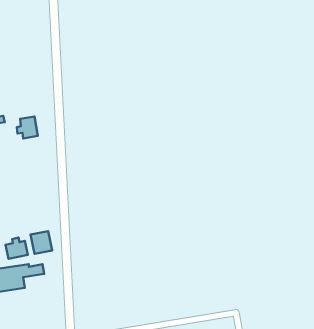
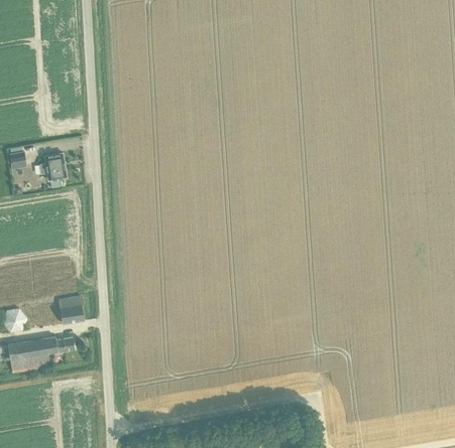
building: [6,237,28,259] -> none

